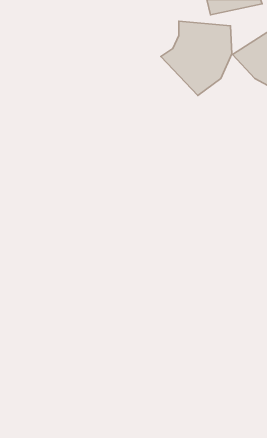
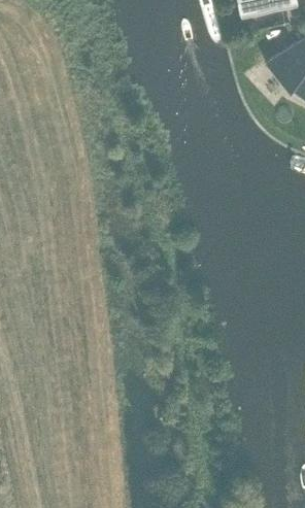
building: [161,21,232,95] -> none

